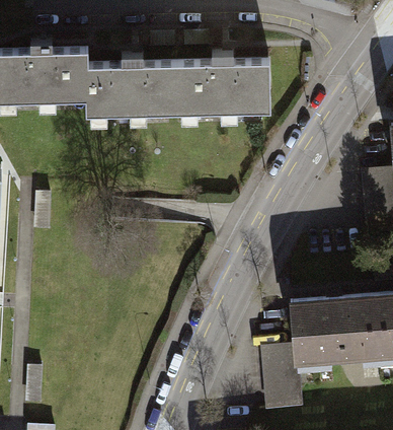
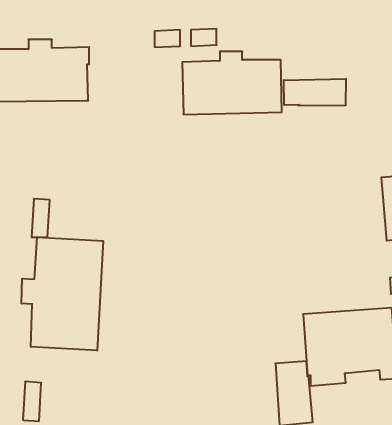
building: [85,55,177,115] -> none
building: none -> [284,79,346,106]
building: none -> [22,237,103,351]

